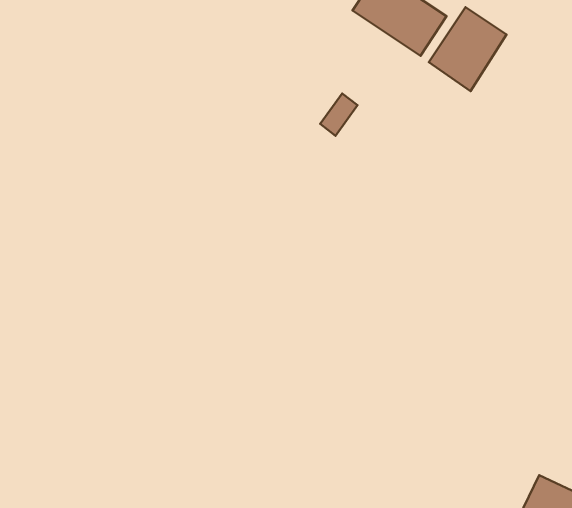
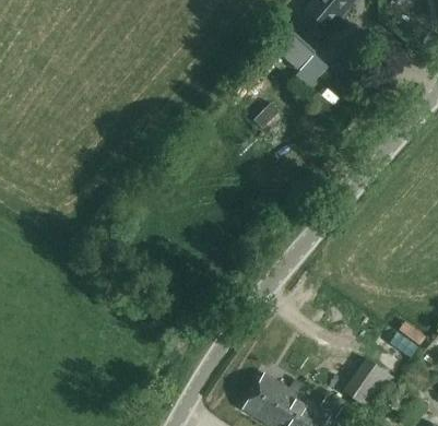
building: [429,7,507,91] -> none

